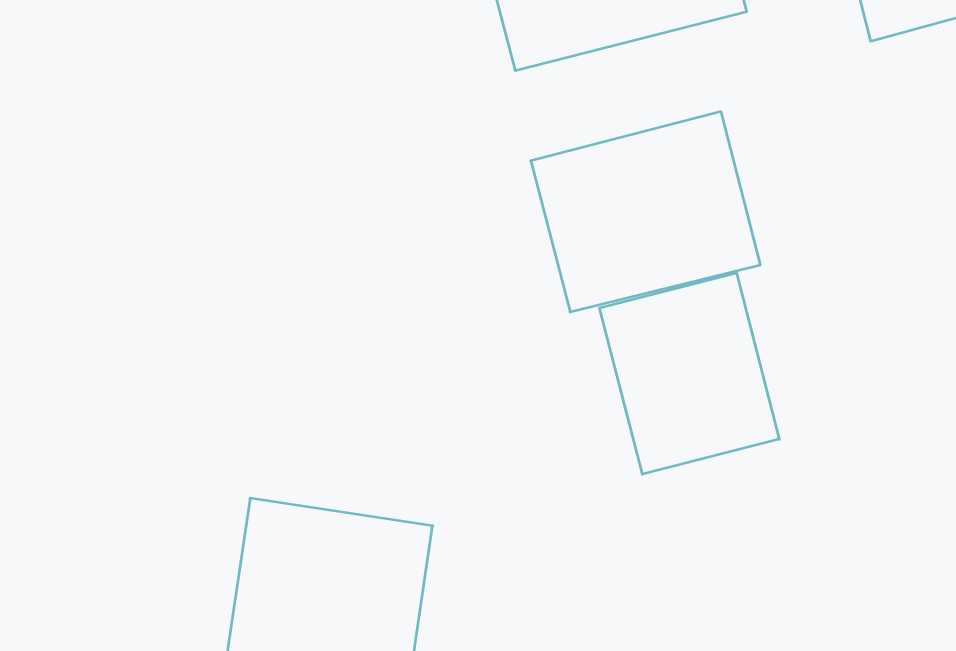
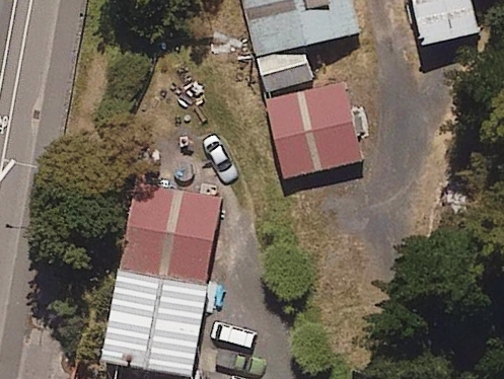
building: [600,273,779,474] -> none
building: none -> [143,182,244,282]

